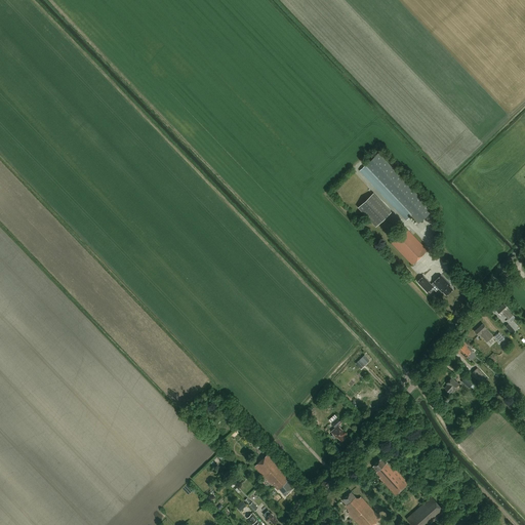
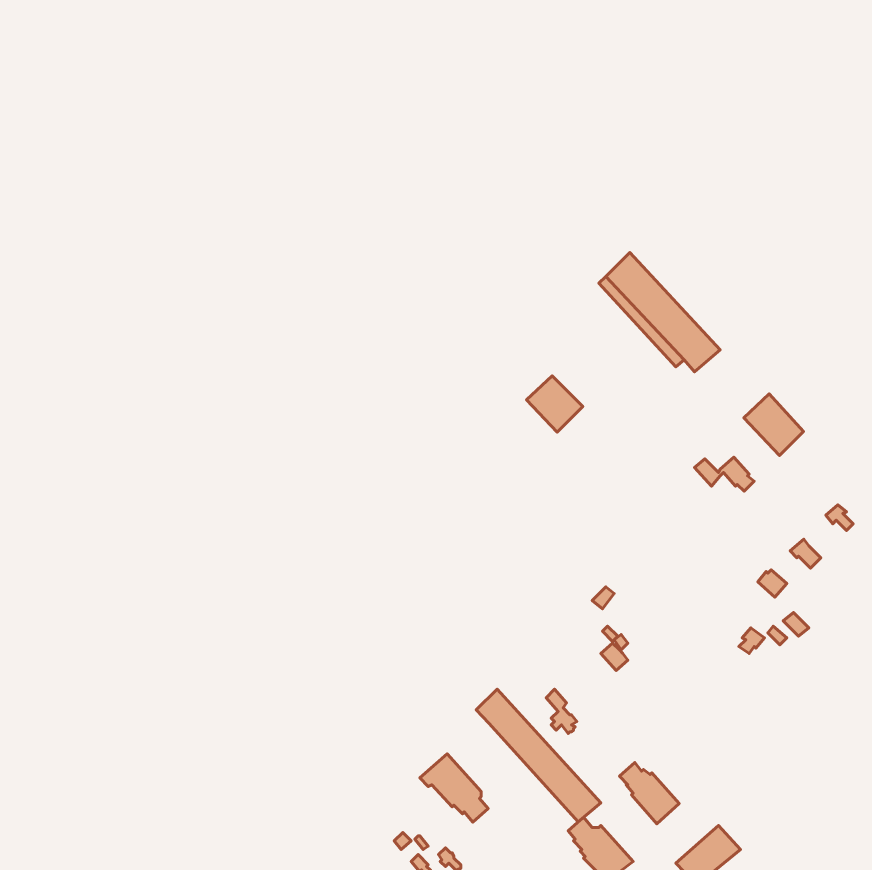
building: [357,194,391,228] -> [526,376,583,432]
building: [391,229,427,266] -> [744,394,803,455]
building: none -> [476,689,601,822]

